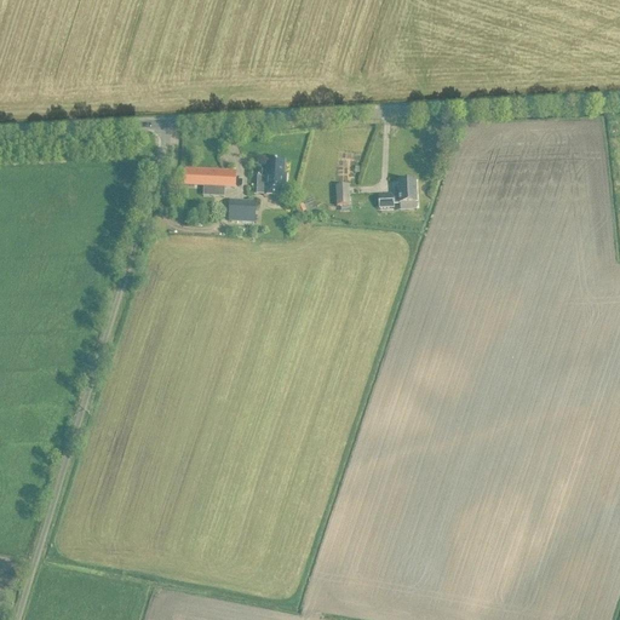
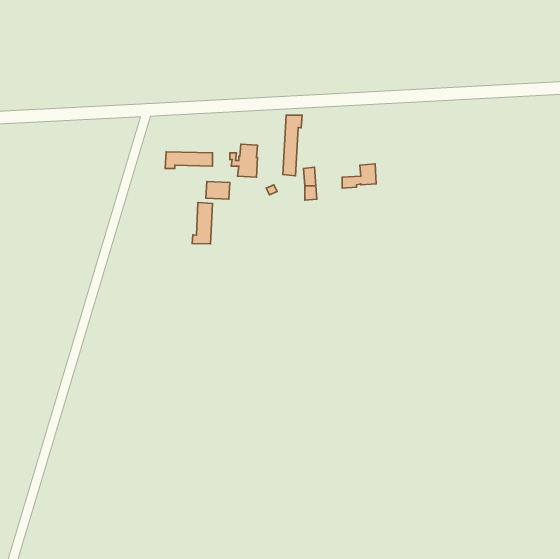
building: none -> [283,115,302,176]
building: none -> [192,202,213,244]

